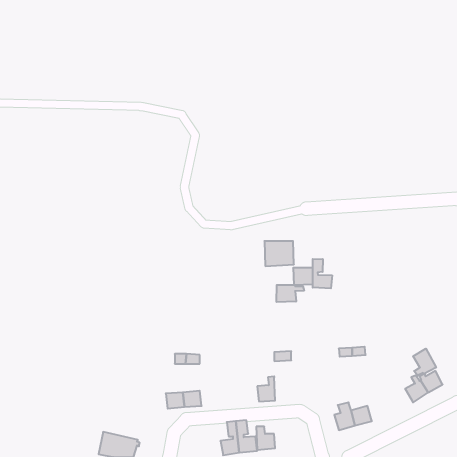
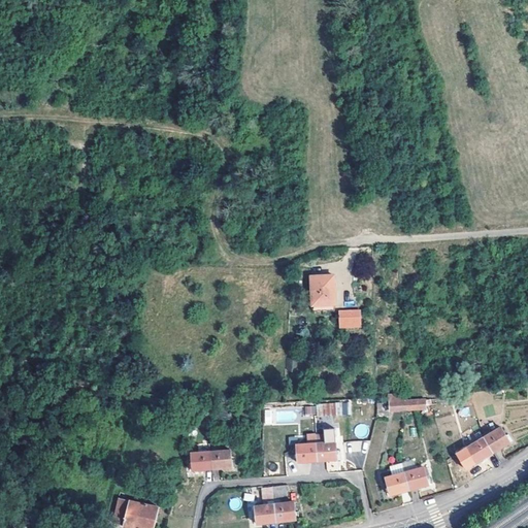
building: [313,259,332,288] -> none
building: [277,285,304,302] -> none
building: [413,349,436,376] -> none
building: [256,427,275,450] -> [316,434,337,461]

